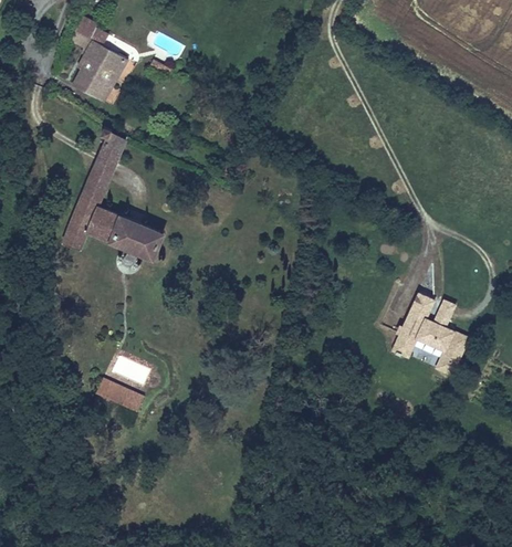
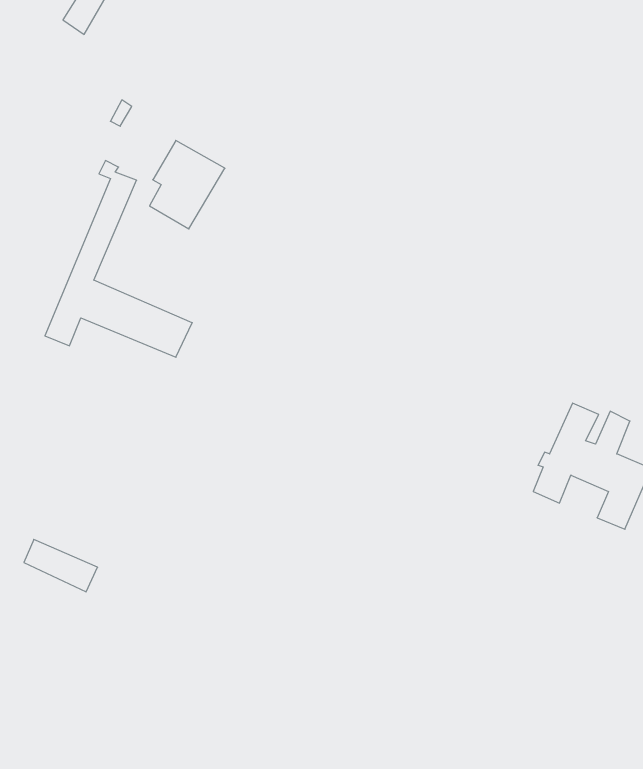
building: [74,42,125,102] -> [150,140,225,229]
building: [96,376,146,411] -> [24,539,98,592]

